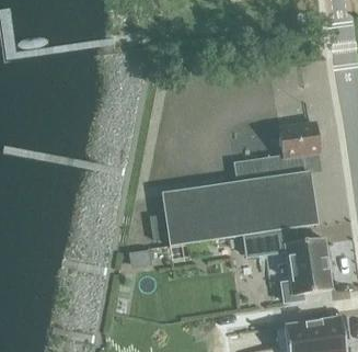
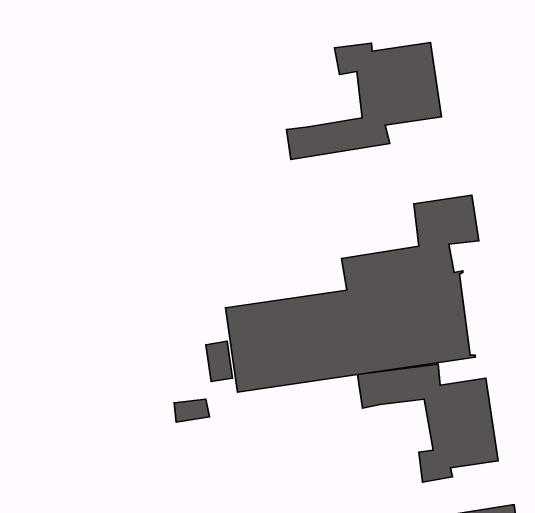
building: none -> [287,42,442,160]

